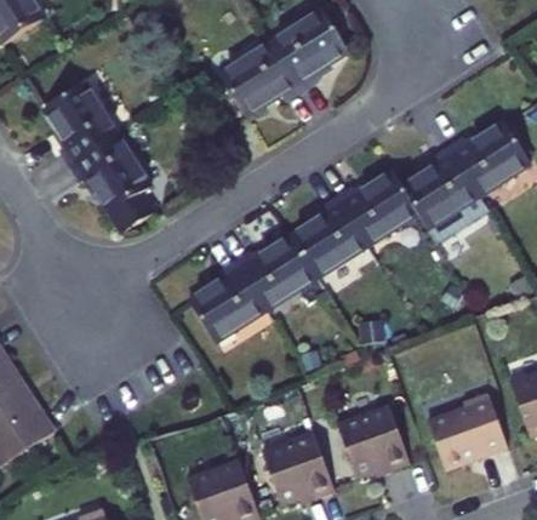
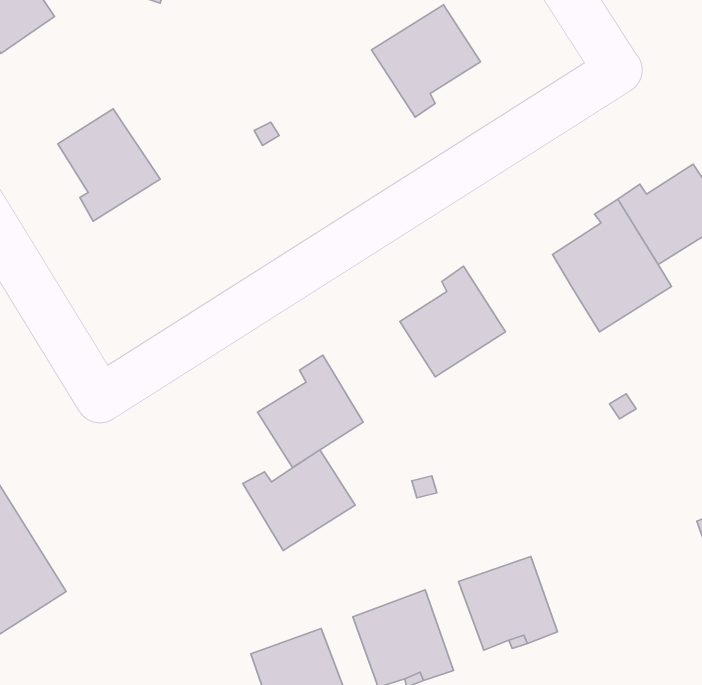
building: [222,40,304,115] -> none
building: [72,133,156,233] -> none
building: [339,172,418,244] -> none
building: [238,236,319,309] -> [243,450,355,551]
building: [425,389,505,465] -> none

